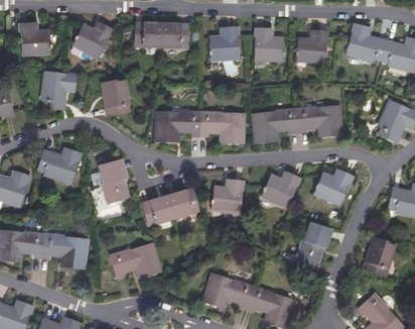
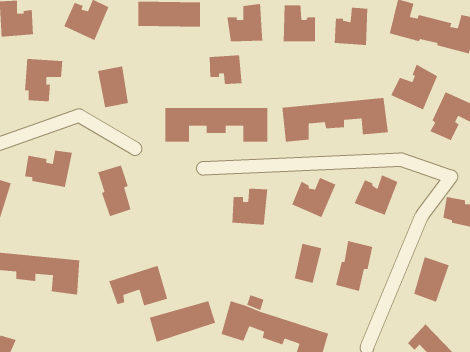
building: none -> [209,55,243,85]
building: none -> [390,64,438,110]
building: [142,190,197,225] -> [149,300,216,343]
building: none -> [294,243,322,284]

